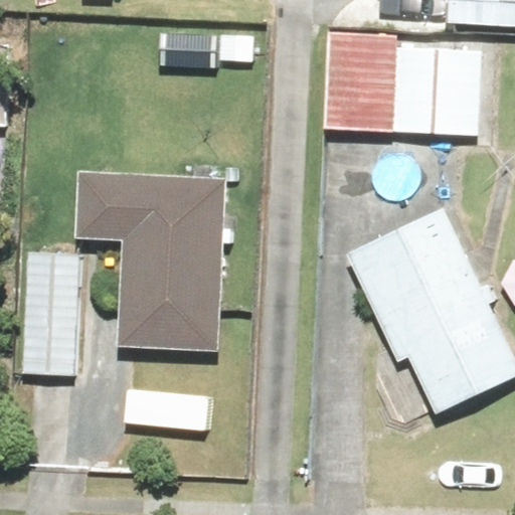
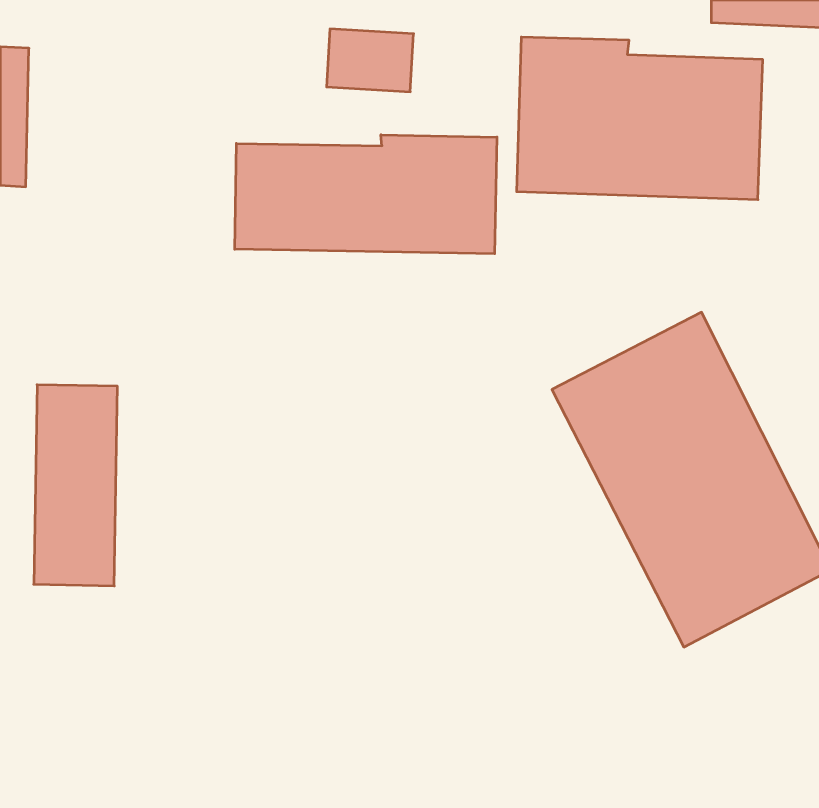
building: none -> [235,135,497,254]
building: [80,176,224,353] -> none

